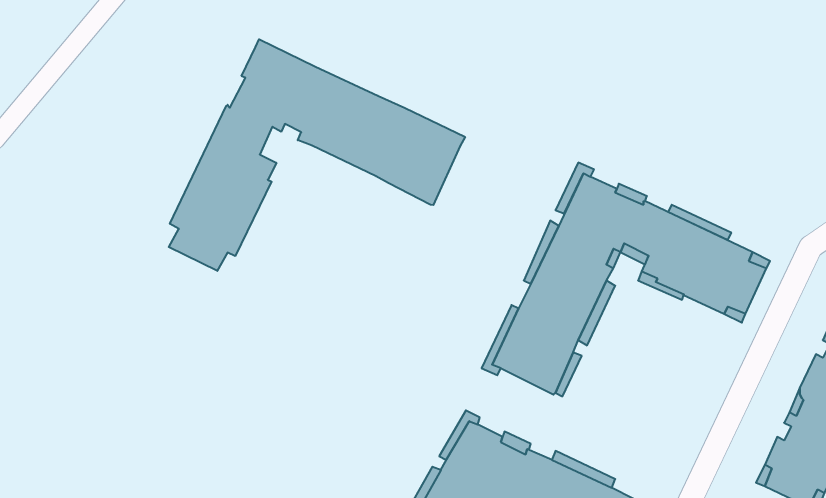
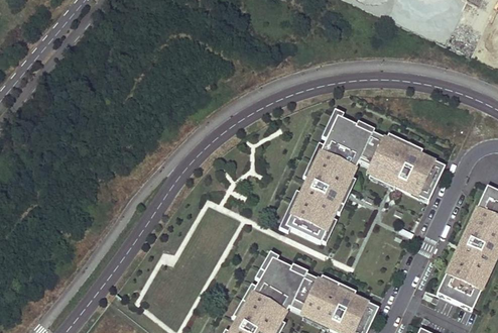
building: [169,39,465,271] -> none

